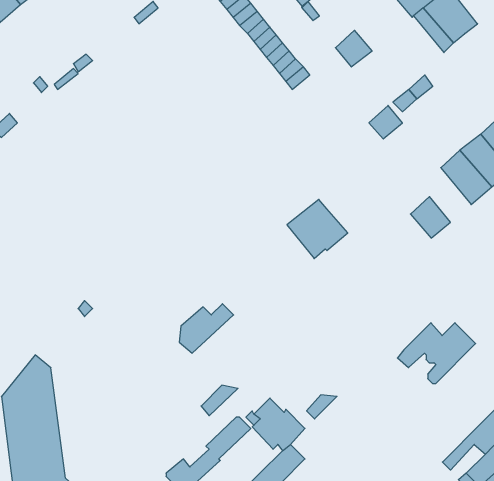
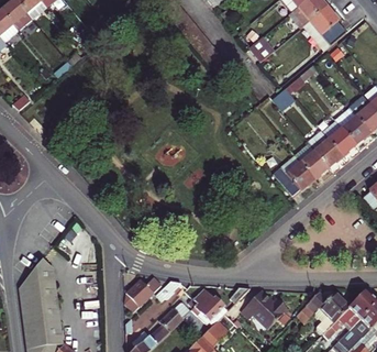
building: none -> [307,130,342,167]
building: [287,199,348,259] -> [273,155,314,196]
building: [179,304,234,353] -> [124,276,162,310]
building: [397,323,476,384] -> [296,290,350,332]
building: none -> [241,289,287,328]

